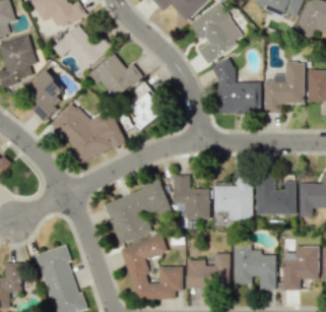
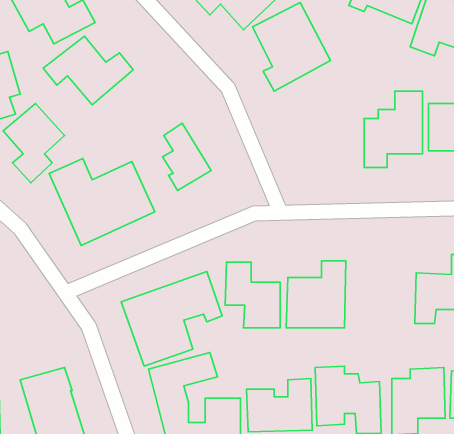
building: [91,53,143,101] -> none
building: [217,62,261,114] -> none
building: [256,177,296,215] -> none

